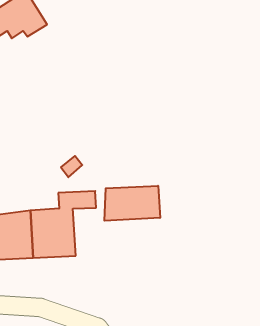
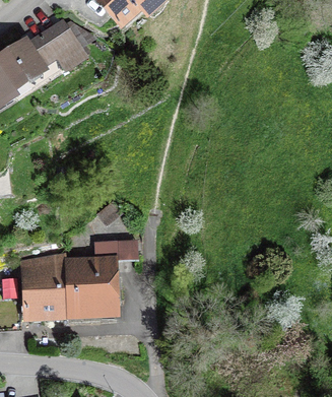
building: [104,186,160,221] -> none

